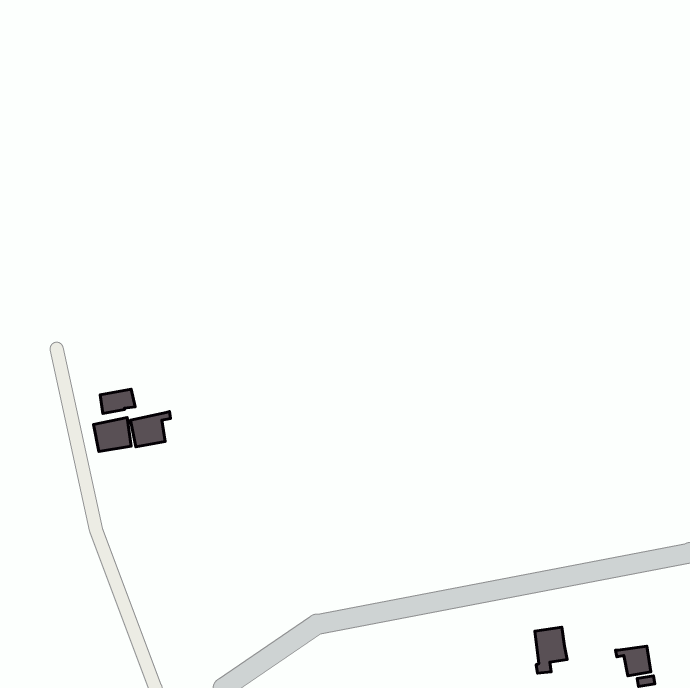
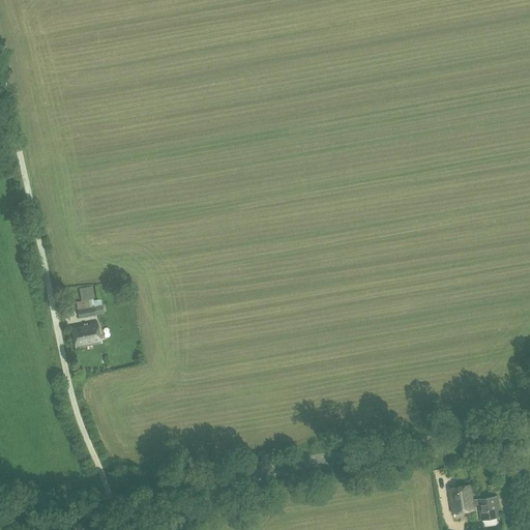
building: [131,412,170,447] -> none
building: [535,627,567,673] -> [448,483,473,519]

